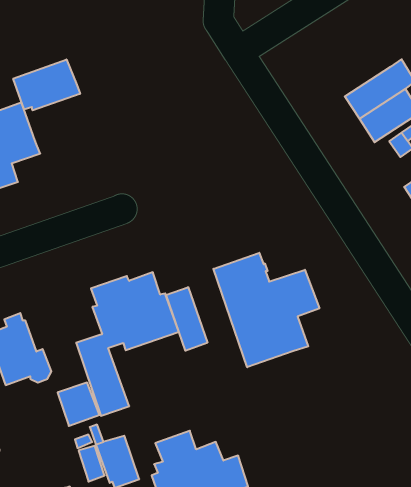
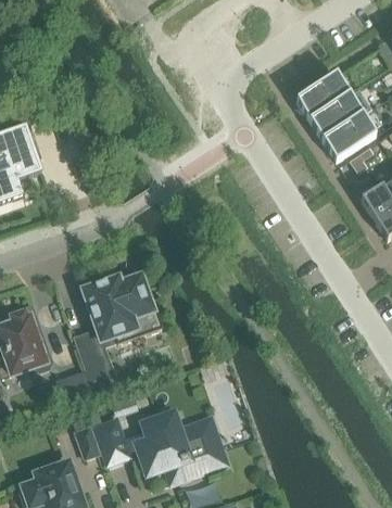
building: none -> [295,72,349,118]
building: [13,59,80,110] -> none
building: [213,253,319,367] -> none
building: [166,287,207,351] -> none

